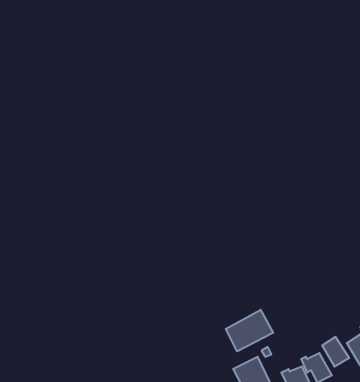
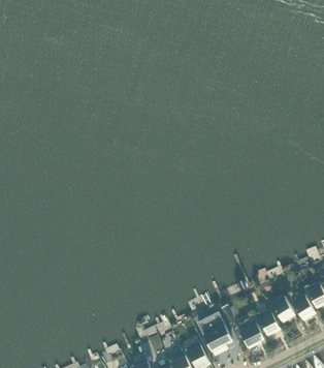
building: [226,310,273,351] -> none

